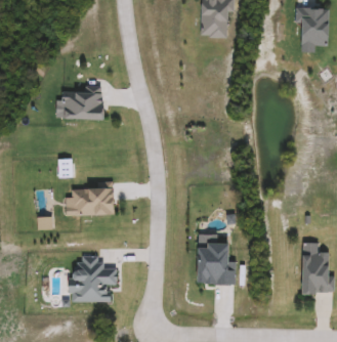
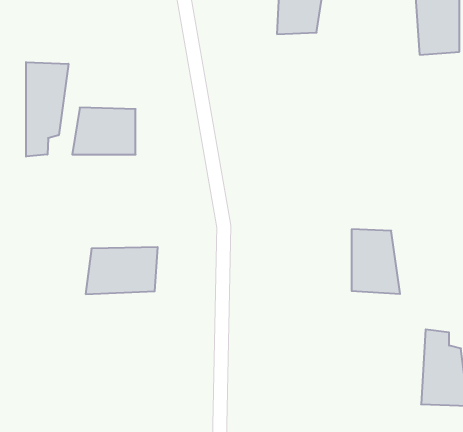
building: none -> [26,62,68,157]
building: [199,240,233,285] -> [352,229,400,294]
building: [67,256,118,297] -> none

